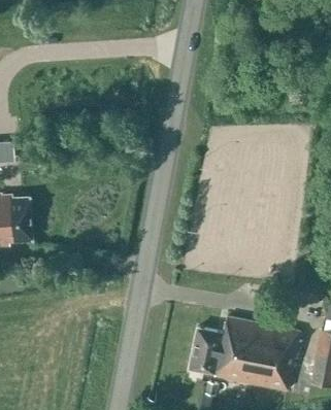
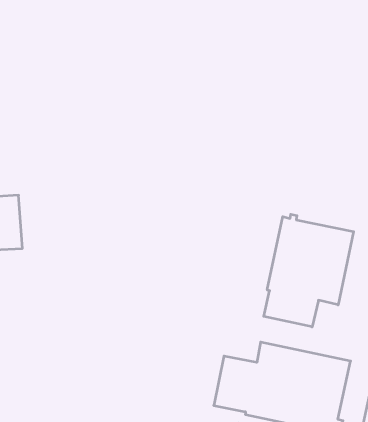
building: none -> [264,214,354,327]

